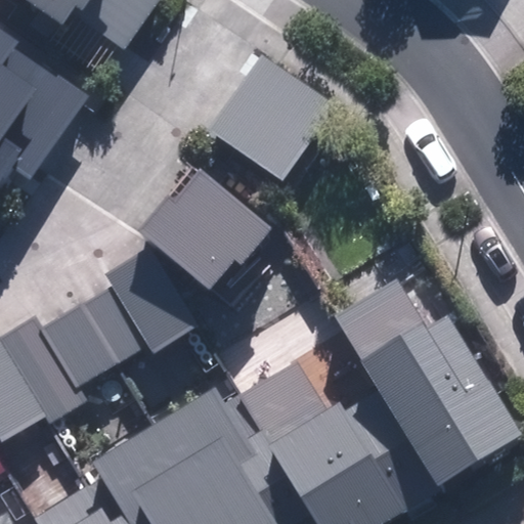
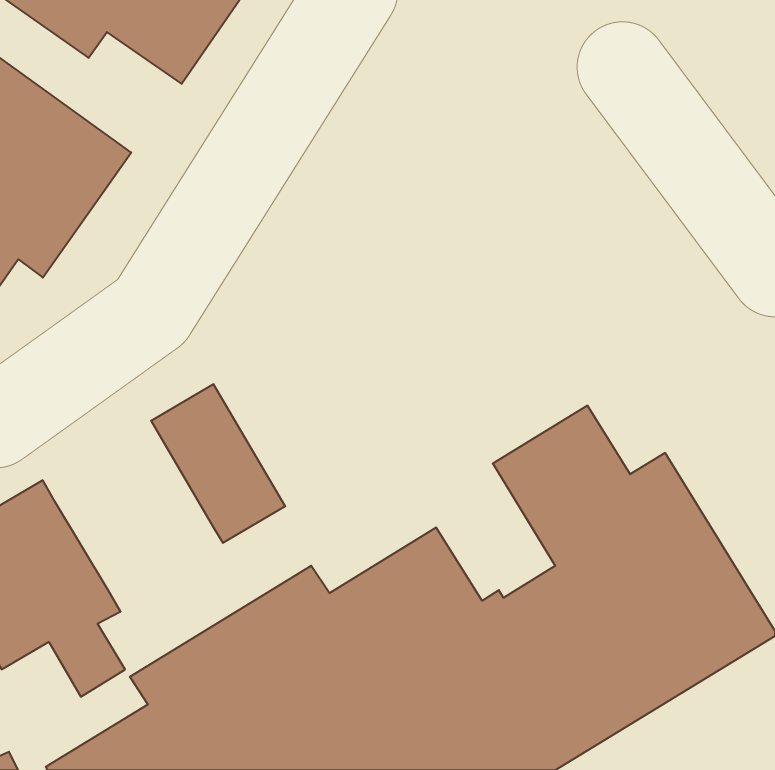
building: [204,55,336,191] -> none
building: [136,173,272,303] -> none
building: [37,295,143,396] -> none

